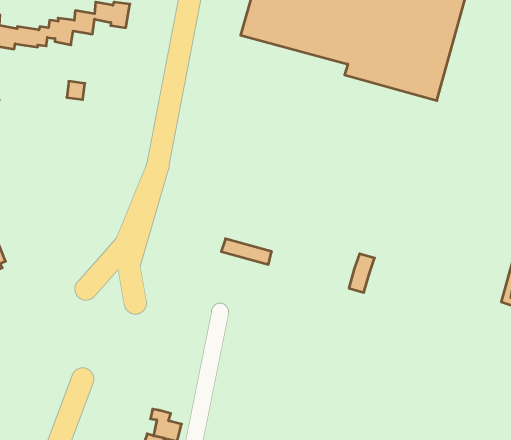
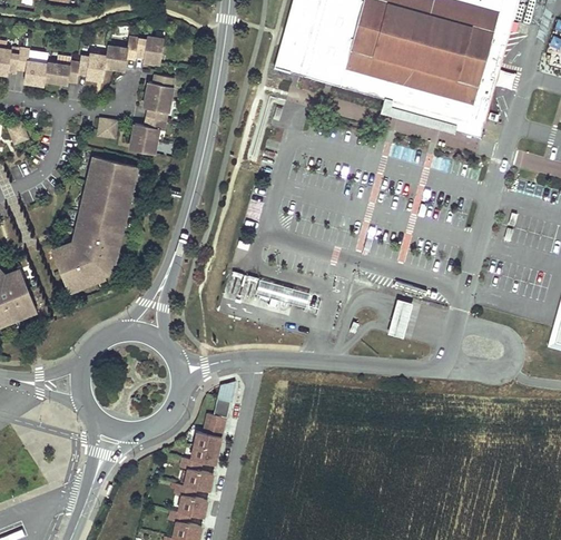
building: none -> [127,73,171,153]
building: none -> [53,157,132,288]
building: none -> [191,399,232,467]

